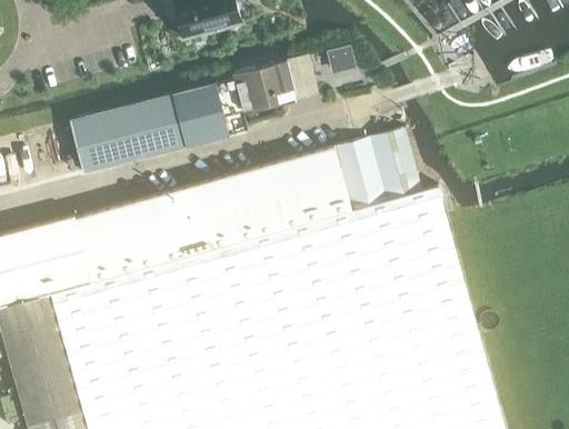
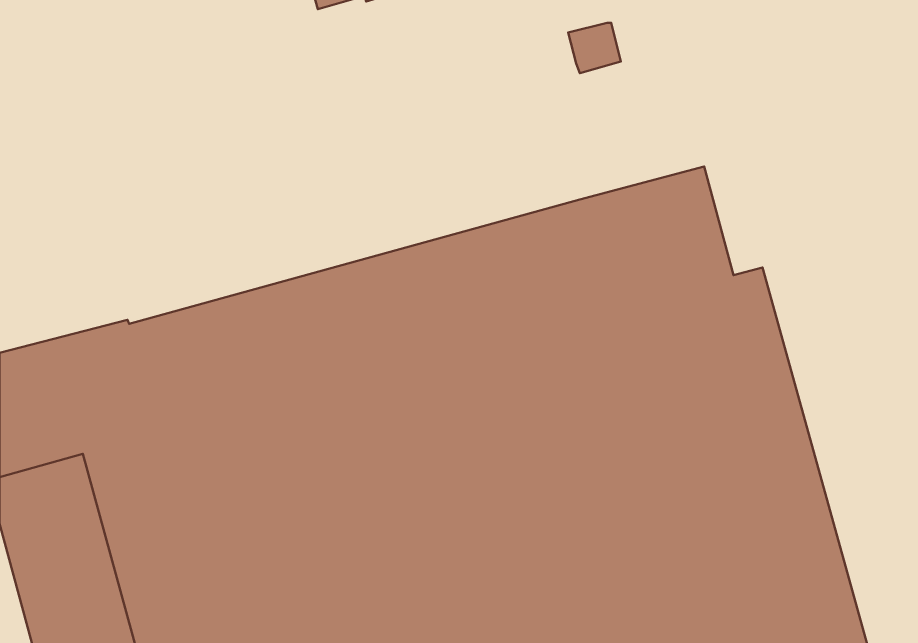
building: [233,62,298,111] -> none
building: [70,83,231,172] -> none

